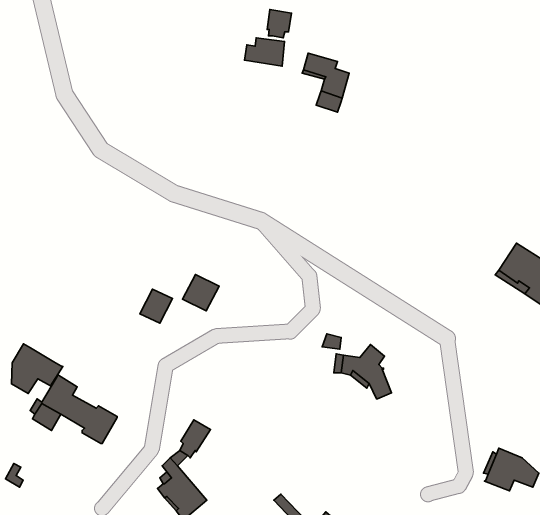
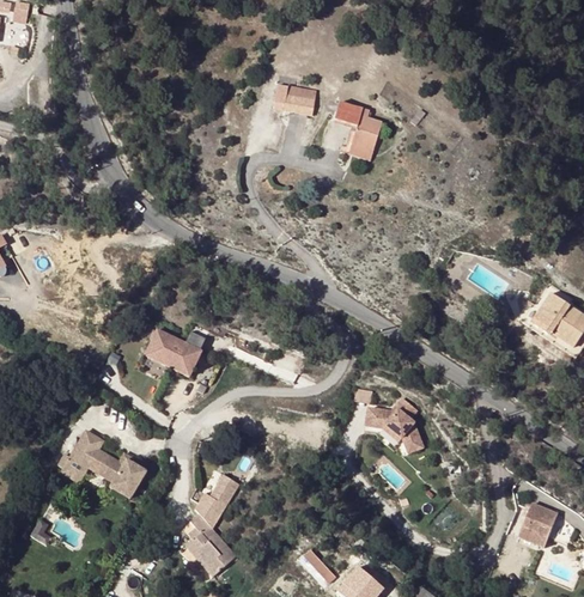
building: [267,9,292,38] -> none
building: [183,274,219,311] -> [144,328,181,365]
building: [12,344,63,393] -> none

